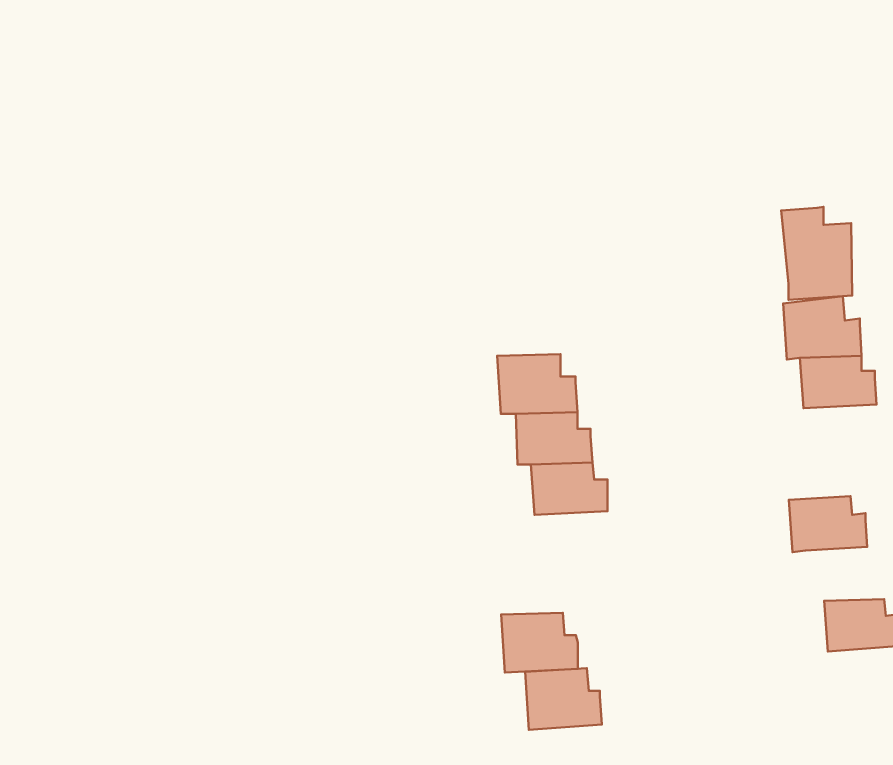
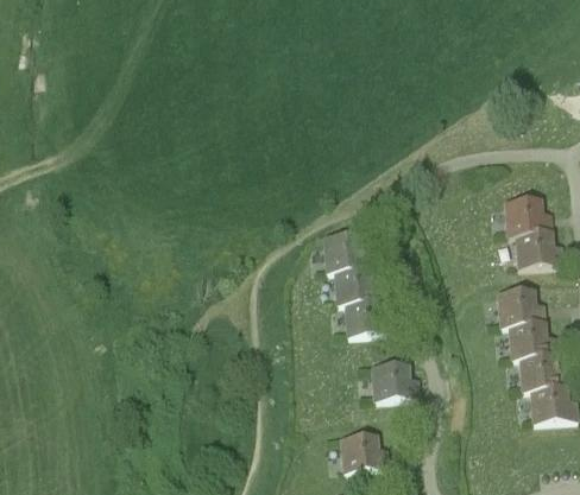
building: [781,207,852,300] -> none
building: none -> [494,287,544,326]
building: none -> [516,355,566,391]
building: [501,613,578,673] -> [368,362,417,400]

